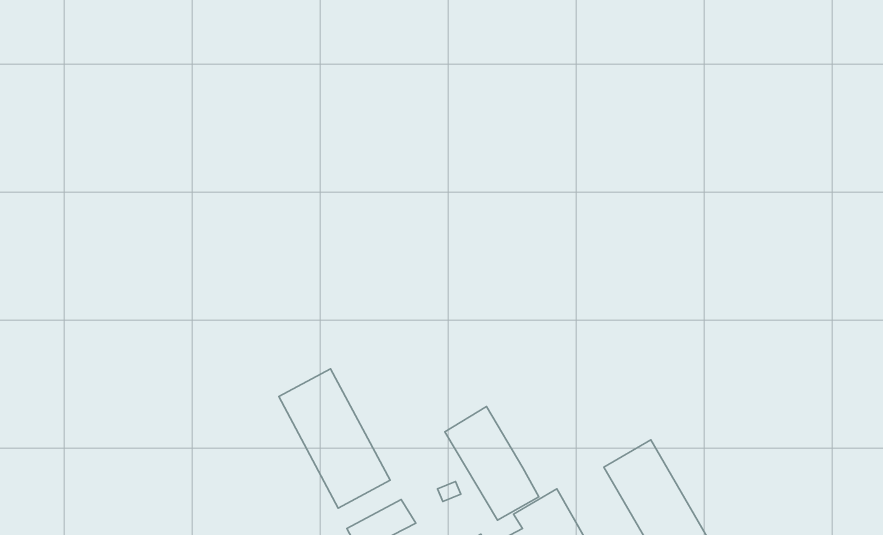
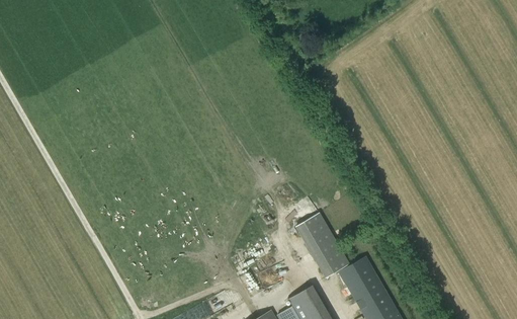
building: [279,369,390,508] -> none
building: [445,406,539,520] -> [296,214,349,277]

